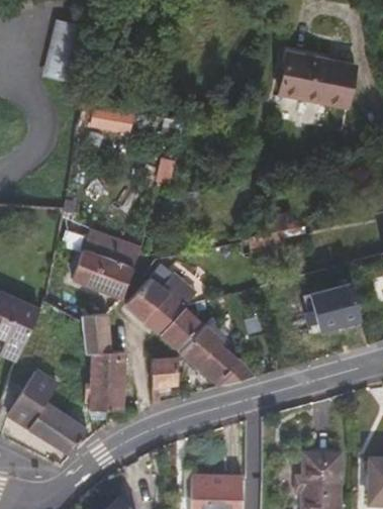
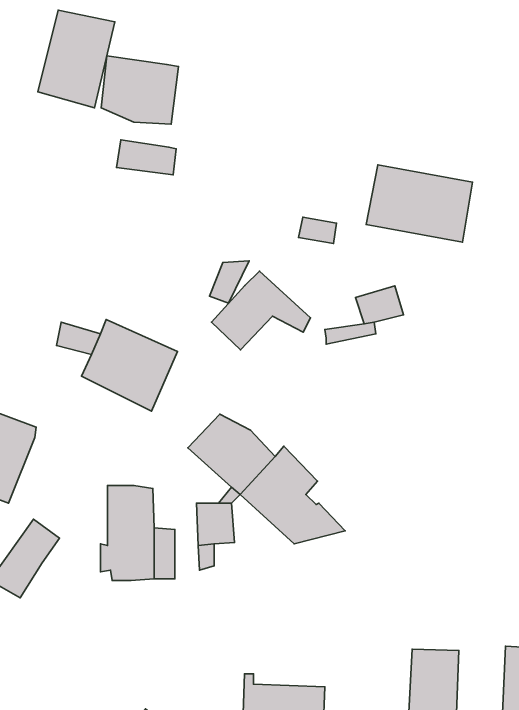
building: none -> [101,56,179,124]
building: [282,55,356,108] -> [366,165,473,242]
building: [125,267,194,321] -> [211,271,310,350]
building: [311,279,364,330] -> none
building: [83,312,108,348] -> none
building: [26,401,89,453] -> none

